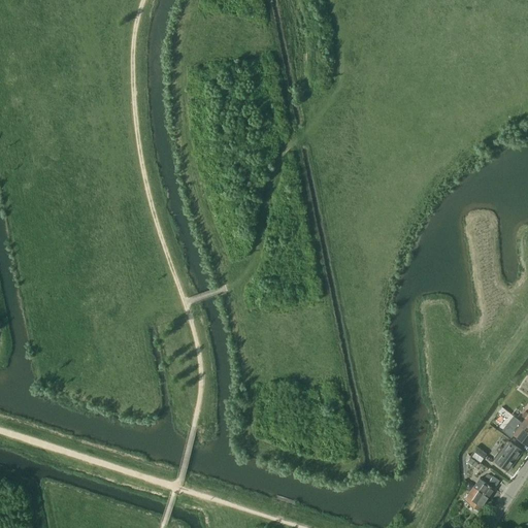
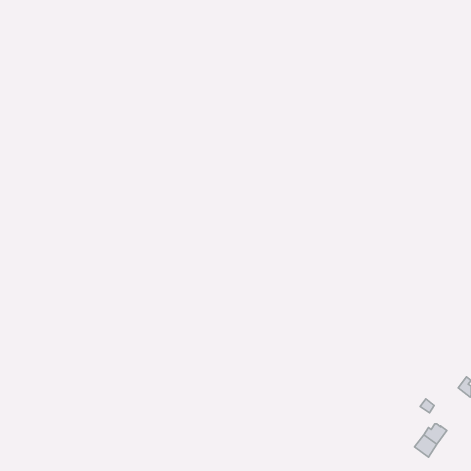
building: [494,440,522,470] -> none

